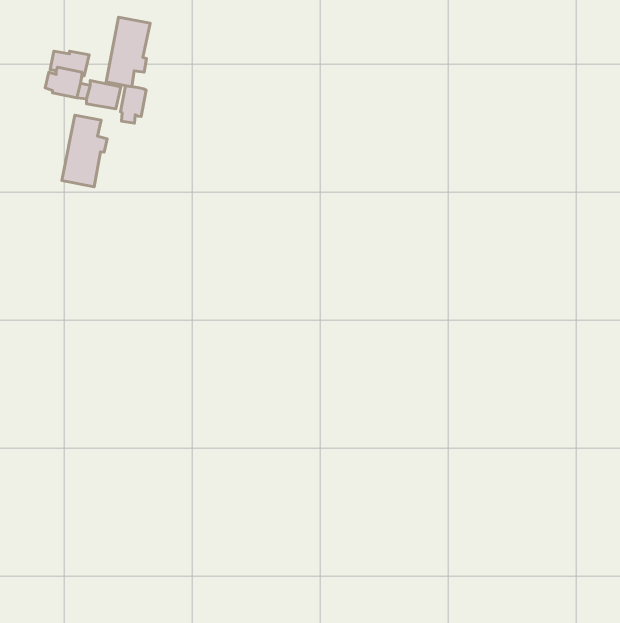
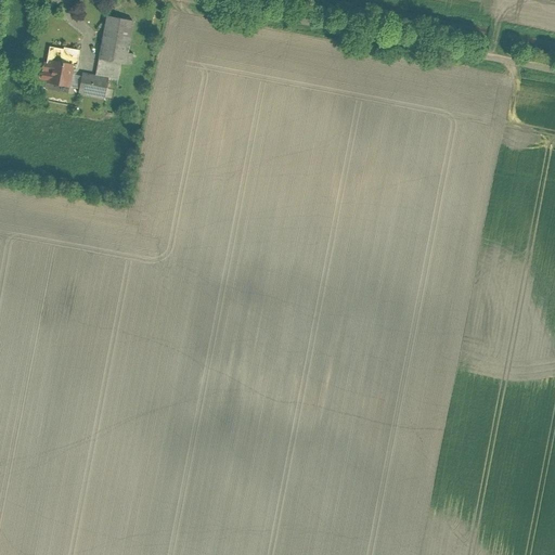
building: [120,86,146,123] -> none
building: [62,115,107,187] -> none

